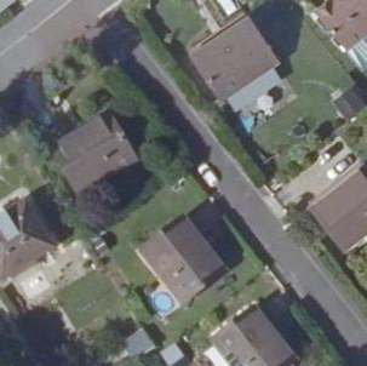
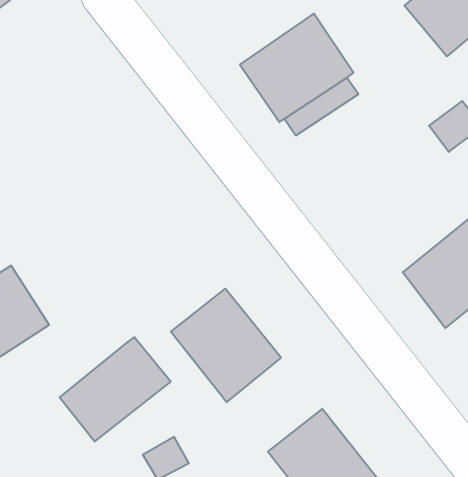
building: [52,115,134,193] -> none
building: none -> [60,337,171,442]

